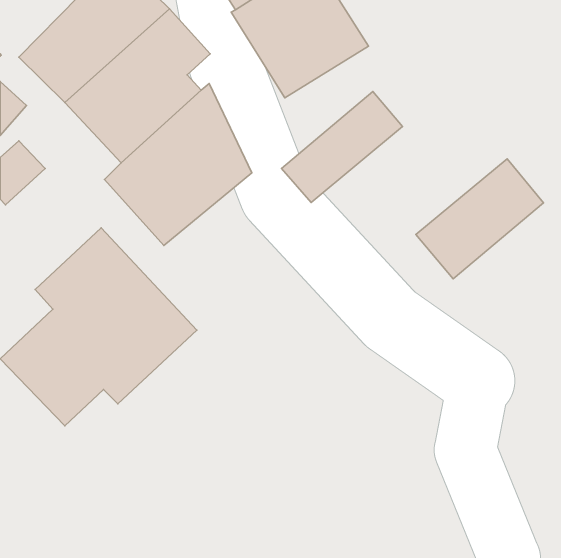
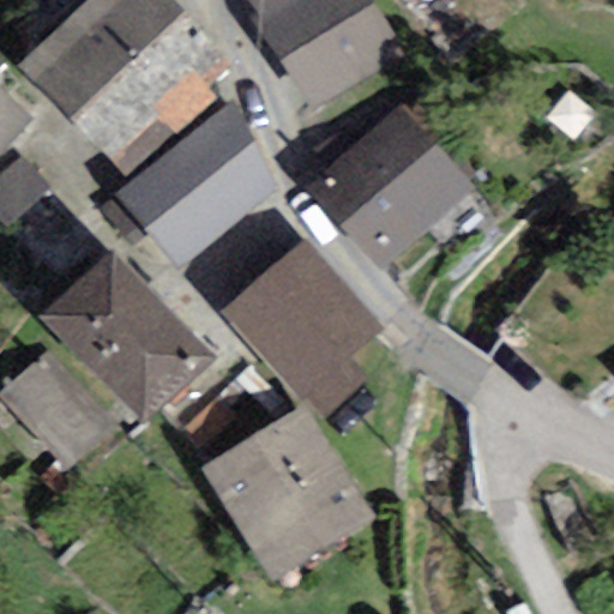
building: [416,159,543,279] -> [341,138,480,269]
building: none -> [222,237,381,411]
building: none -> [186,428,347,588]

